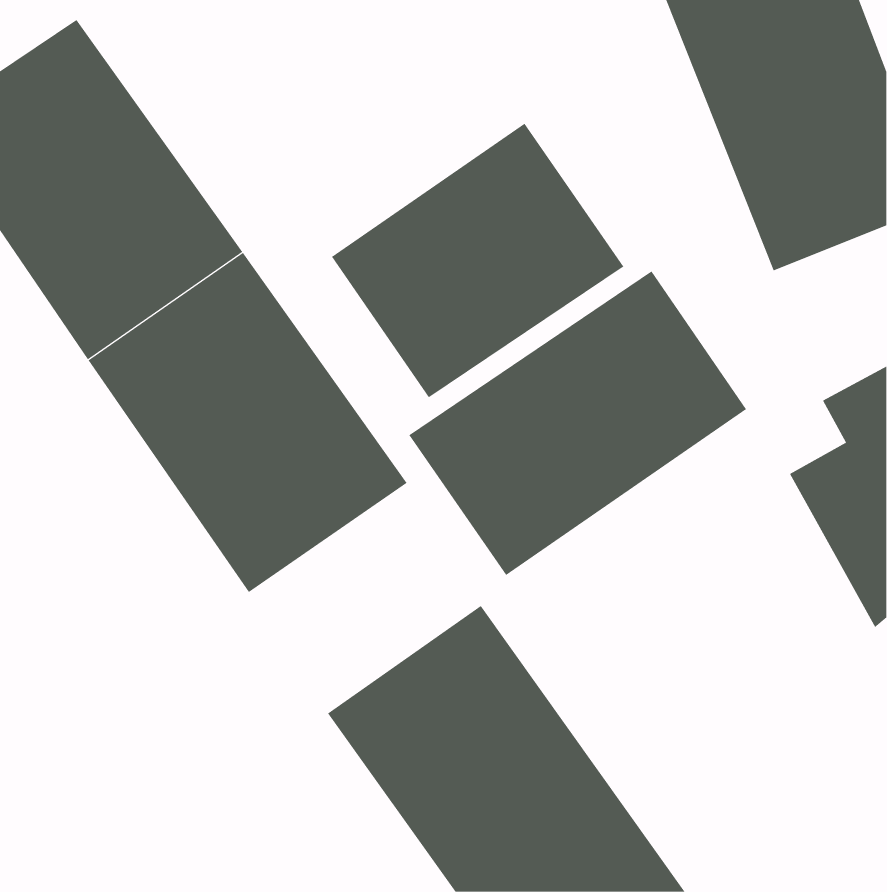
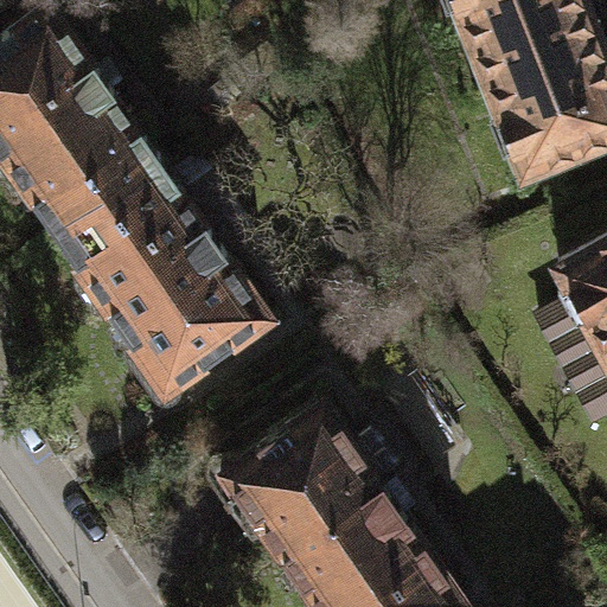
building: [331,123,624,398] -> none
building: [408,271,747,576] -> none

